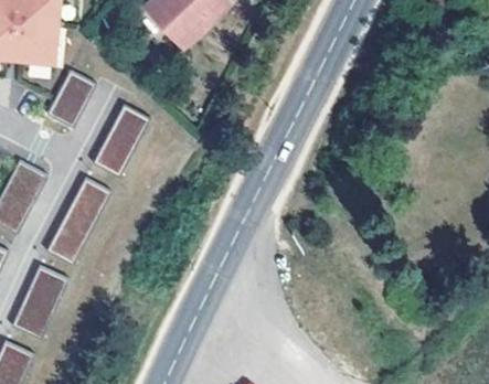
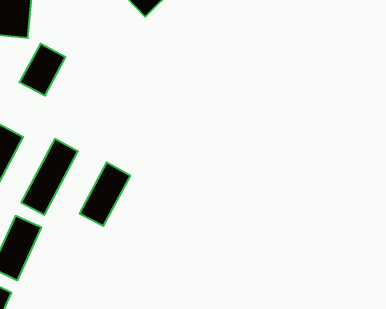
building: [91,104,149,177] -> [80,162,130,226]

